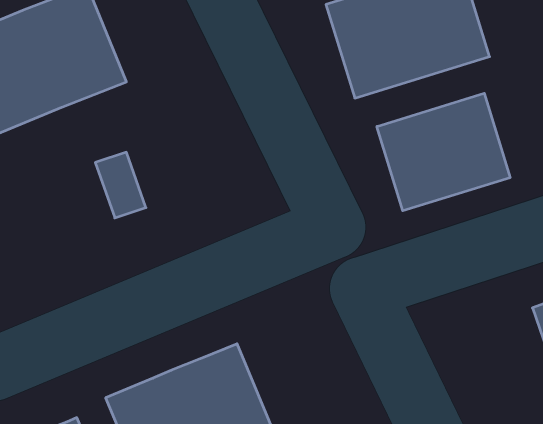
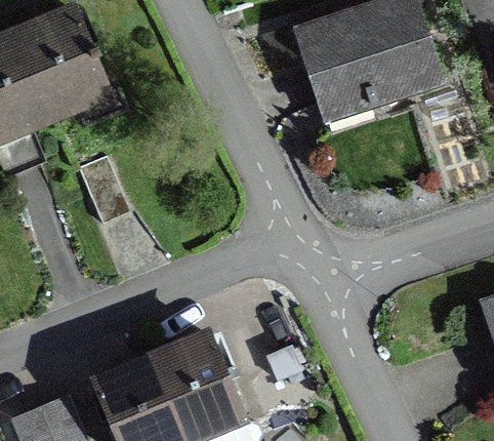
building: [377,93,510,211] -> none

